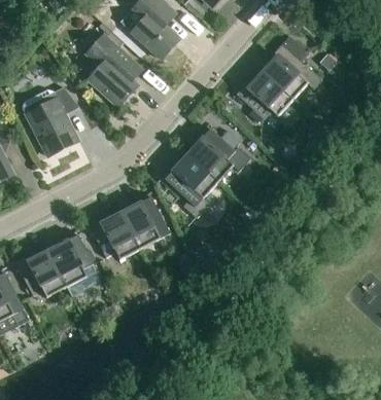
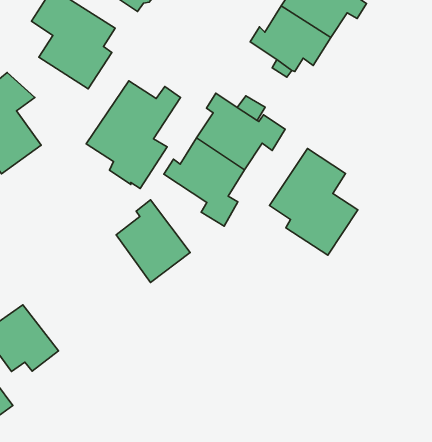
building: none -> [86,81,180,188]
building: none -> [270,148,358,255]
building: [88,212,139,259] -> none
building: [47,229,101,295] -> none

